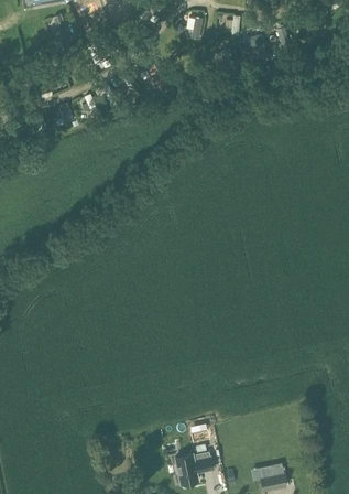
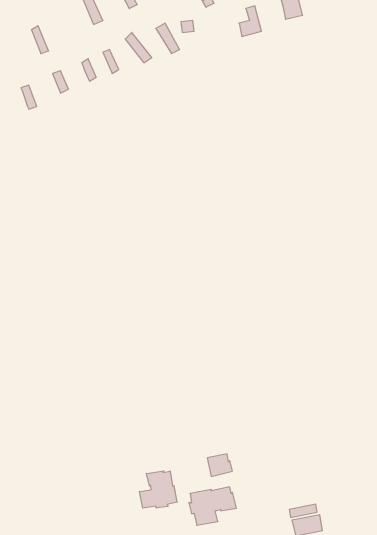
building: none -> [140,471,177,508]

